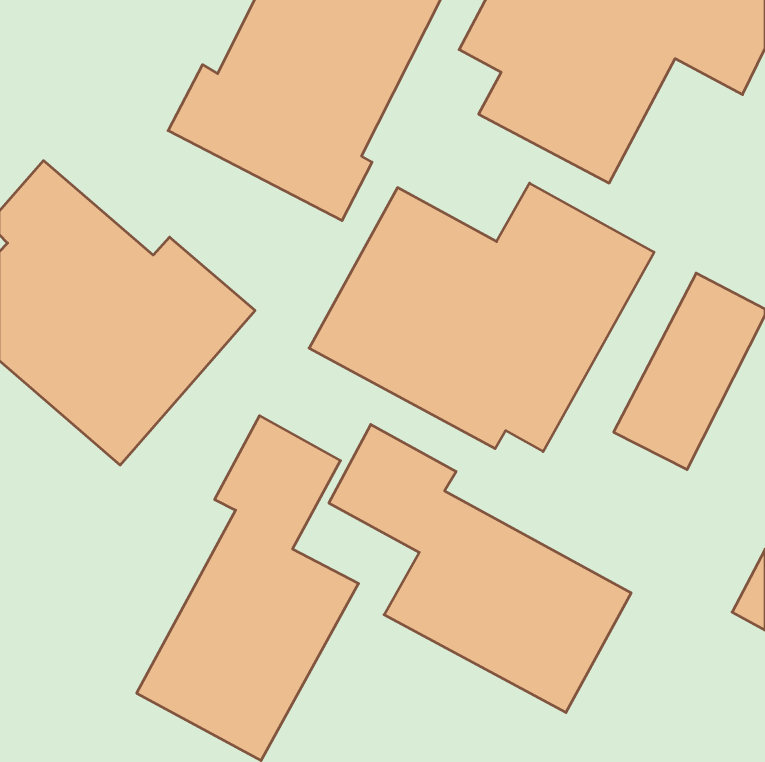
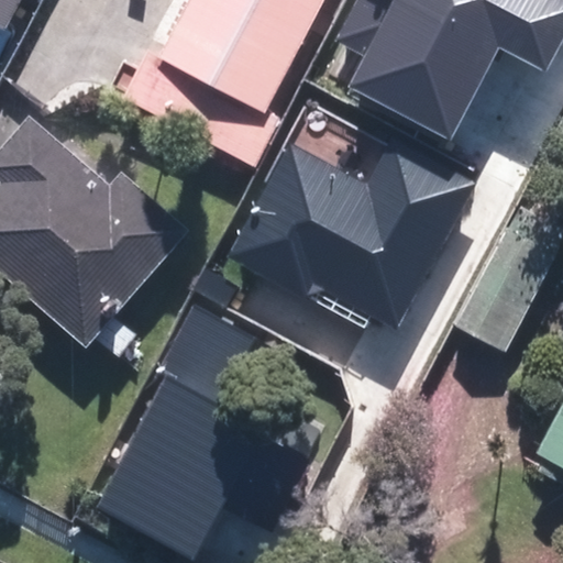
building: [329,424,631,713] -> none

